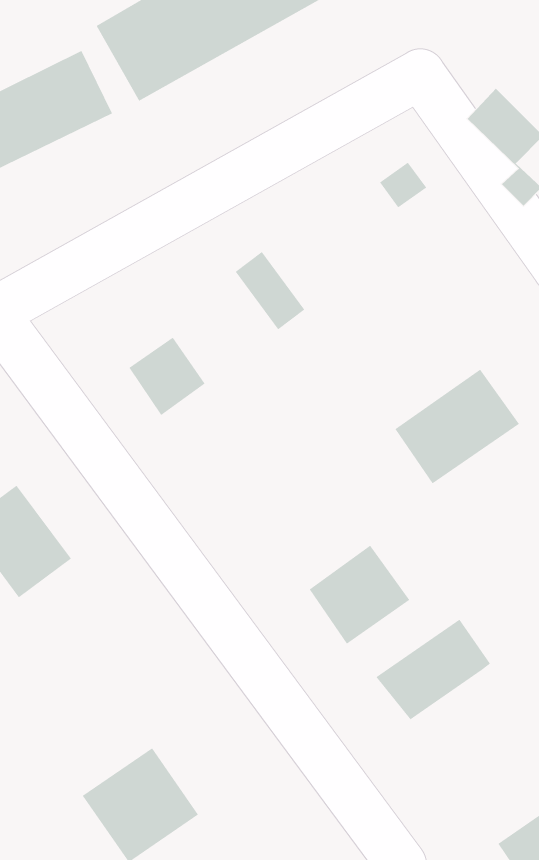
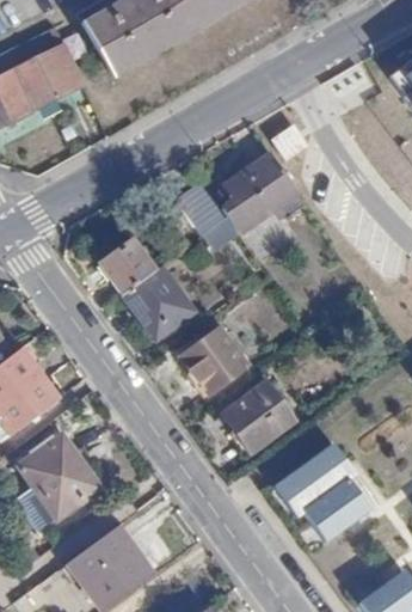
building: [394,369,520,484] -> [210,152,297,232]
building: none -> [123,270,193,342]
building: none -> [182,333,246,399]
building: none -> [19,437,96,518]
building: none -> [303,475,368,533]

